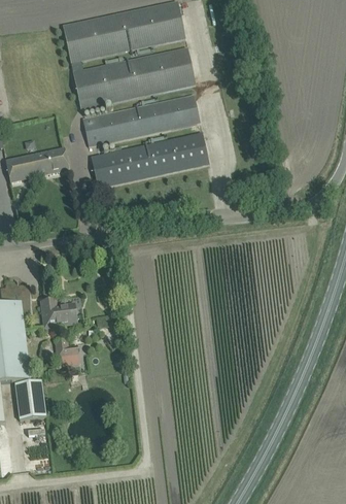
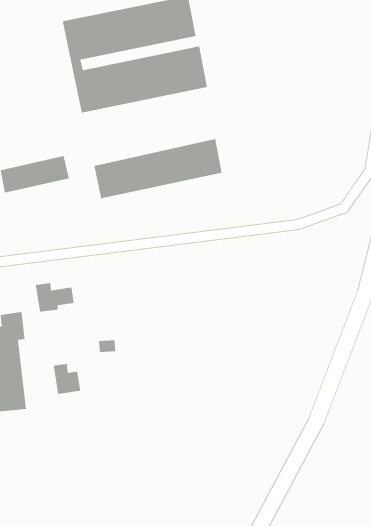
building: [82,94,200,145] -> none
building: [40,298,76,326] -> [35,282,74,313]
building: [14,379,45,418] -> none

